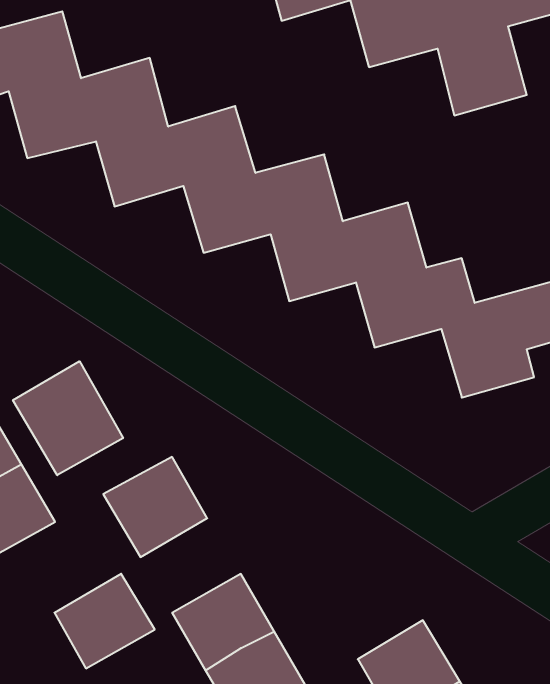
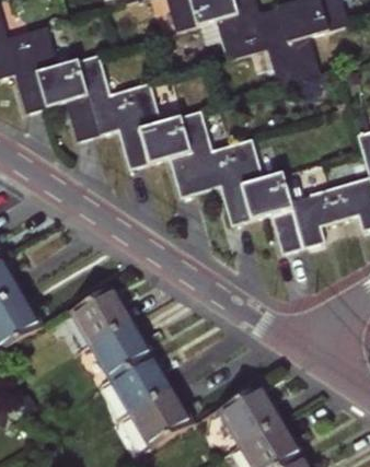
building: [13,361,123,475] -> none
building: [54,574,155,668] -> [92,324,151,380]

